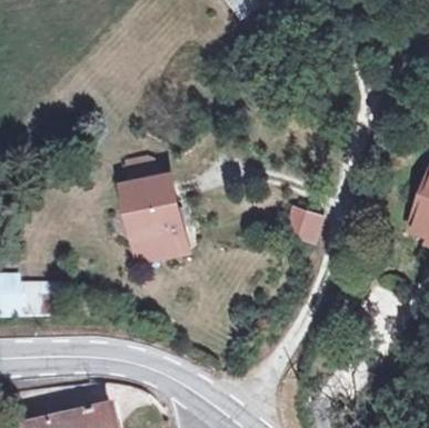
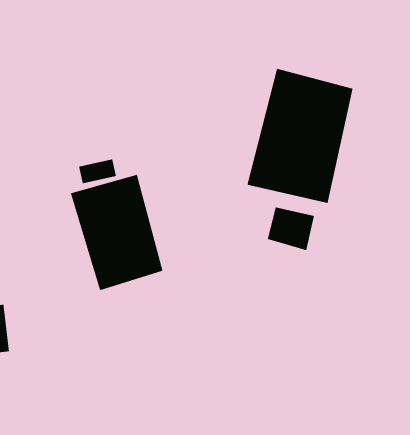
building: none -> [247,68,354,204]

